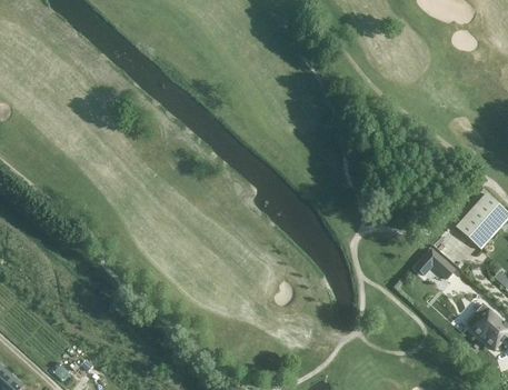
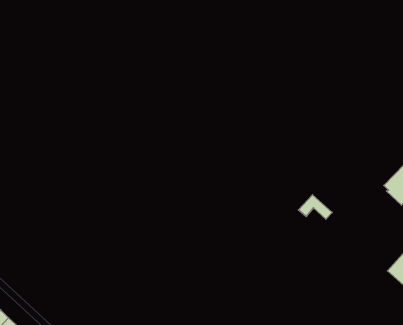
building: [415,249,455,278] -> [299,195,332,219]

